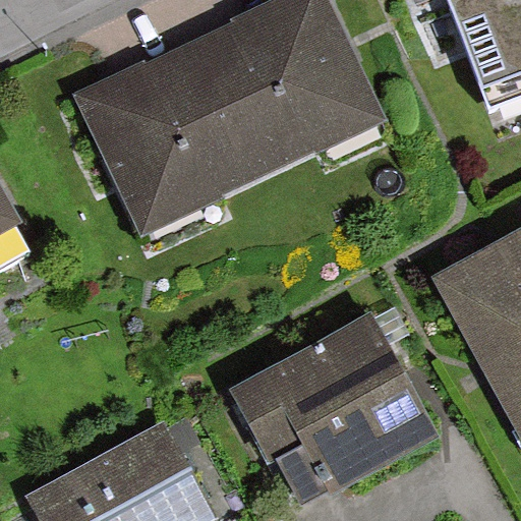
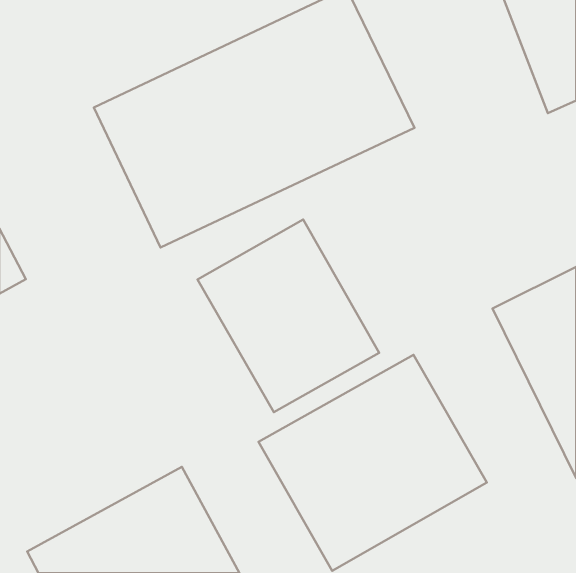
building: none -> [198,219,379,412]

